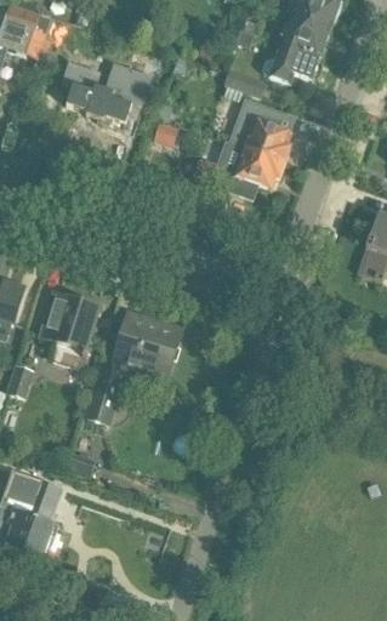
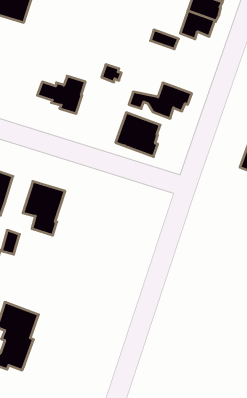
building: [67,74,137,129] -> [37,76,85,113]
building: [231,97,296,161] -> [116,113,160,157]
building: [86,314,180,423] -> none

